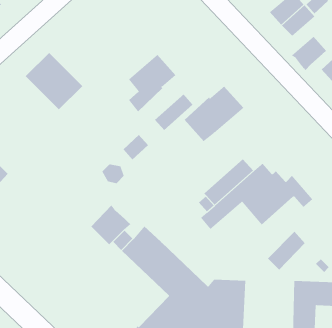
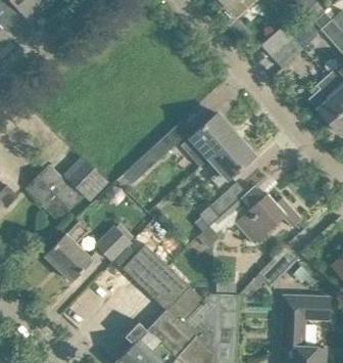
building: [291,36,327,71] -> none
building: [25,52,83,110] -> [27,165,81,219]
building: [128,54,176,112] -> [209,134,254,188]
building: none -> [64,156,107,199]
building: none -> [44,221,94,281]

